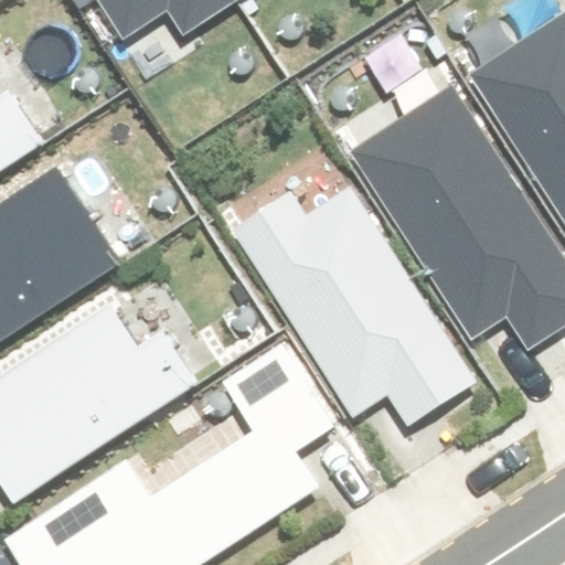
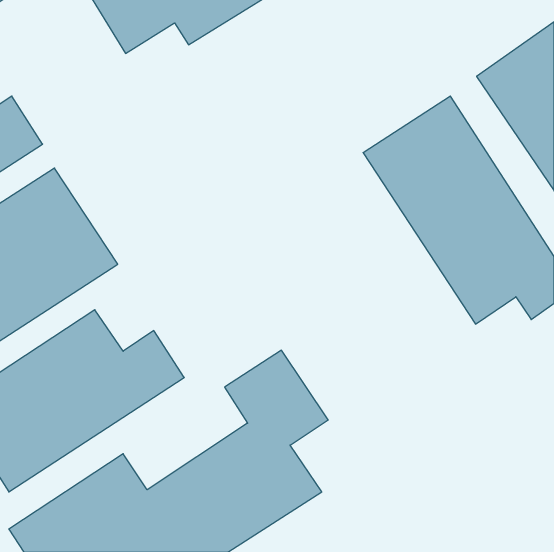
building: [248,200,473,409] -> none

